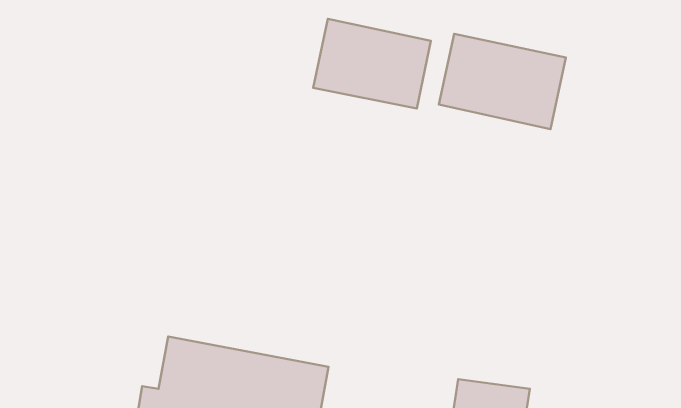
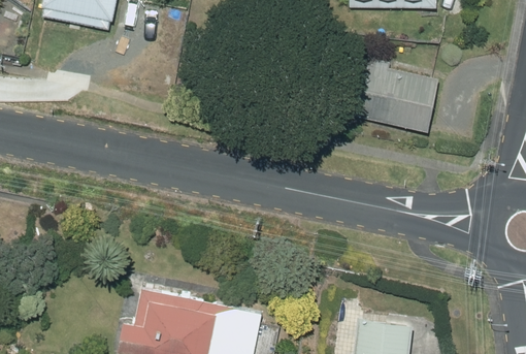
building: [313,19,431,108] -> none

